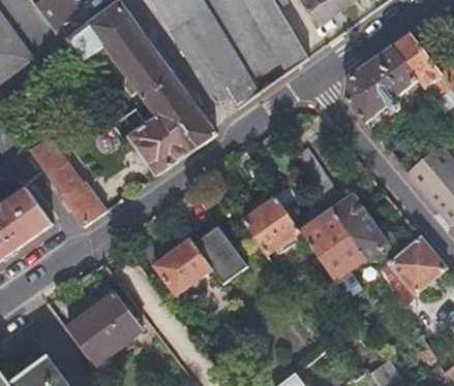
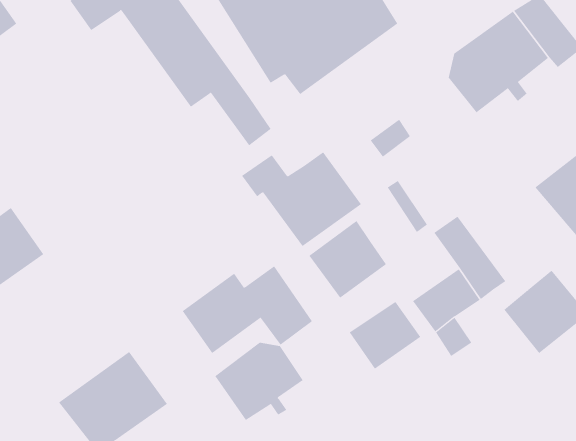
building: [112,105,200,174] -> [241,152,362,247]
building: [29,137,108,225] -> none
building: [300,206,353,256] -> [349,301,421,369]
building: none -> [214,342,304,421]

